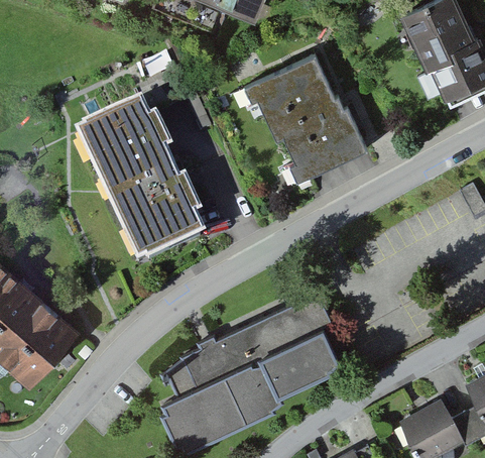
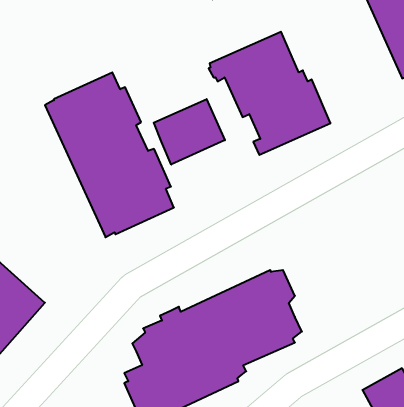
building: none -> [154,99,225,165]

